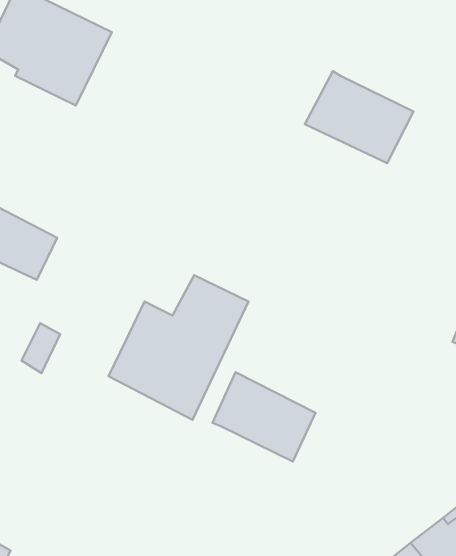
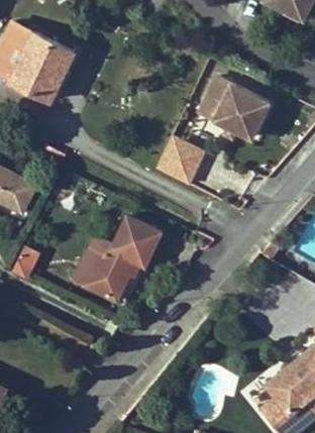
building: none -> [156,140,201,185]
building: [212,372,316,461] -> none

